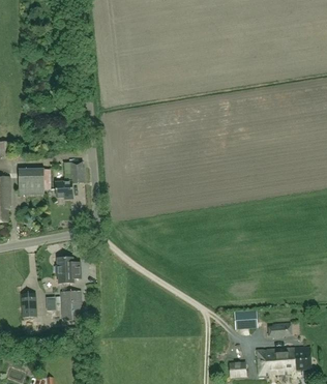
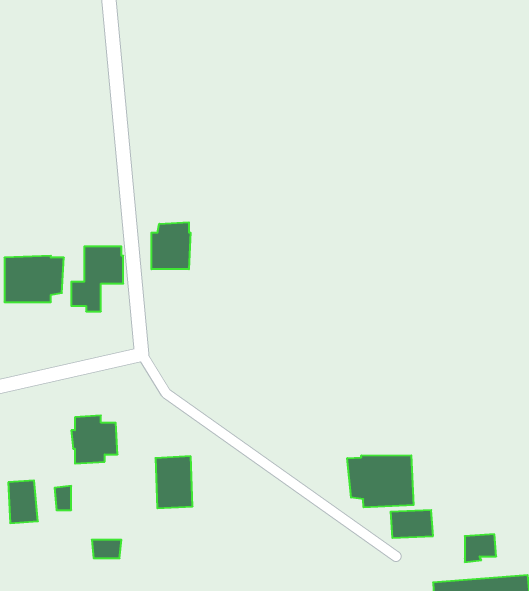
building: none -> [151,222,191,269]
building: none -> [347,455,414,507]
building: [61,291,82,320] -> [155,456,193,508]

